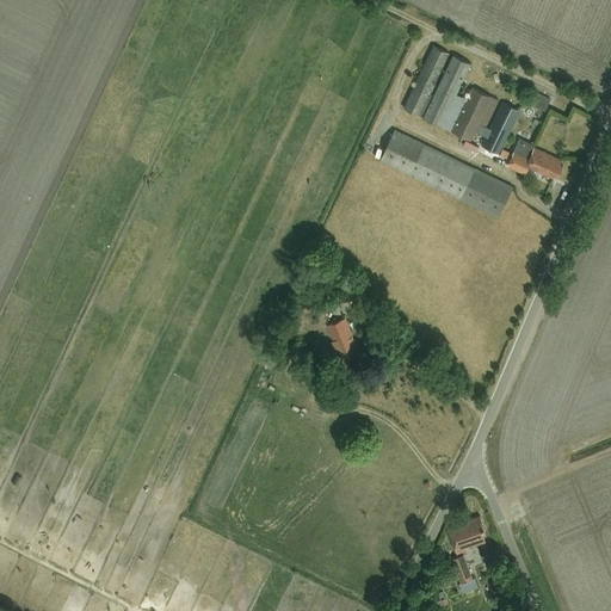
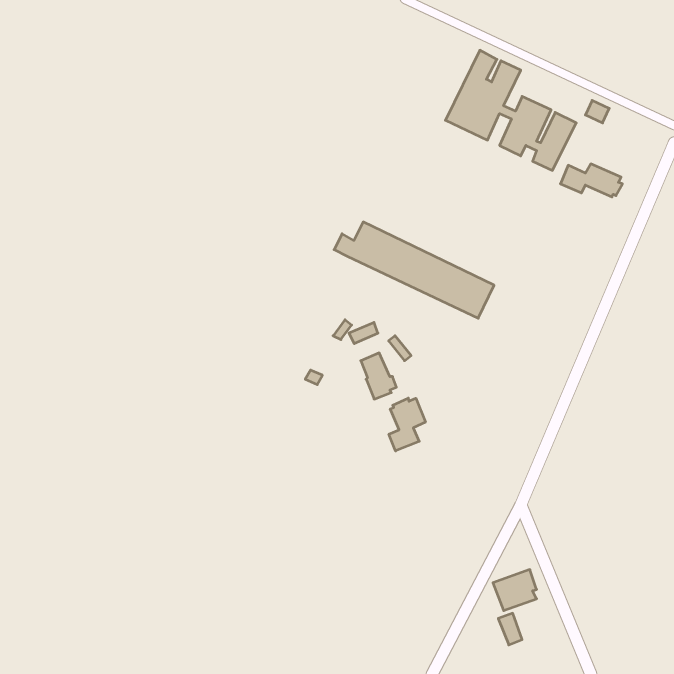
building: [368,130,512,217] -> [334,222,494,318]
building: none -> [389,398,425,451]

